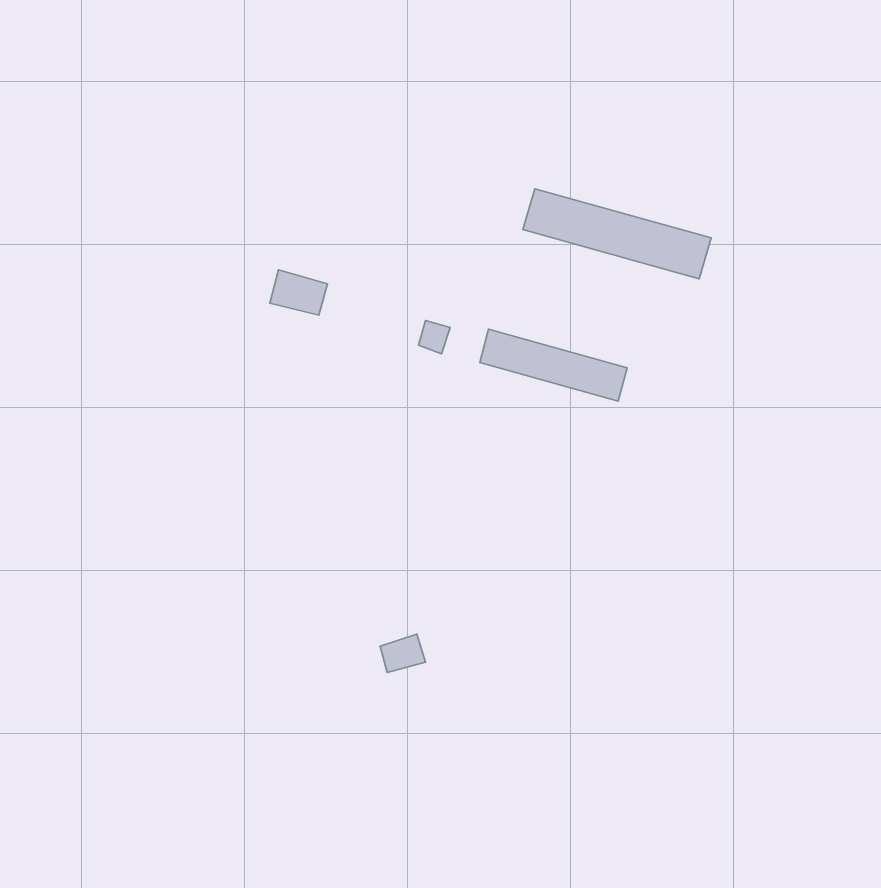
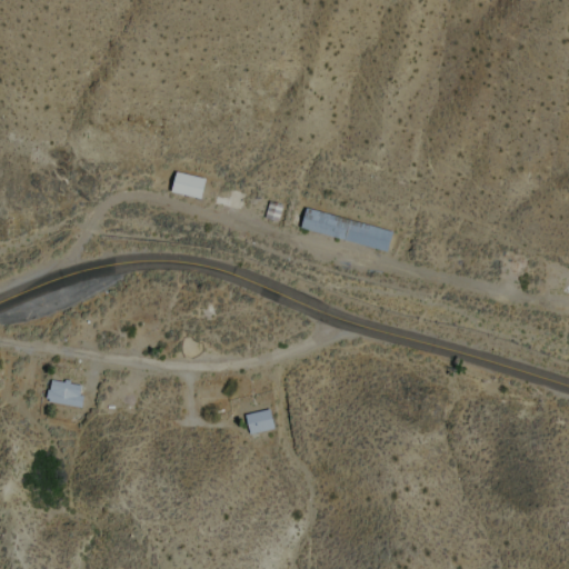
building: [523,189,711,279] -> none
building: none -> [44,378,84,405]

